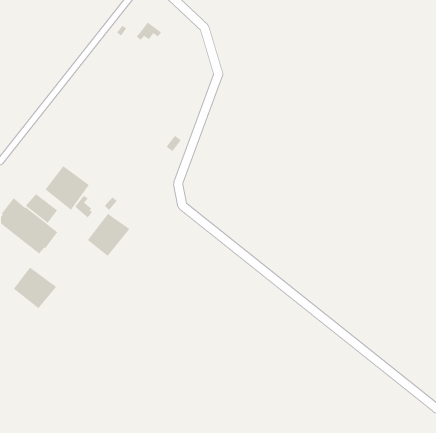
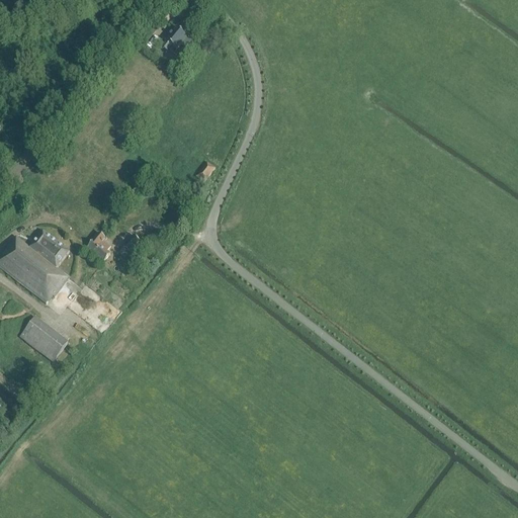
building: [44,165,90,211] -> none
building: [87,213,130,257] -> none

